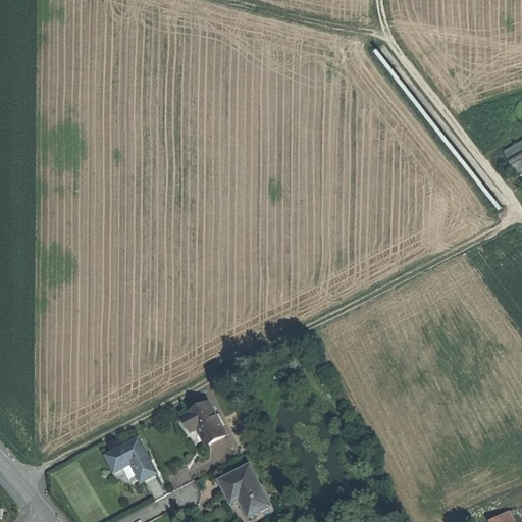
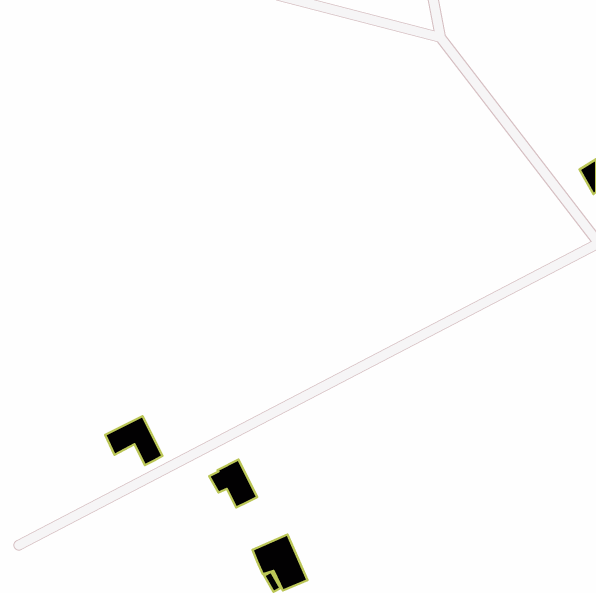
building: [106,437,156,480] -> [105,416,162,465]

